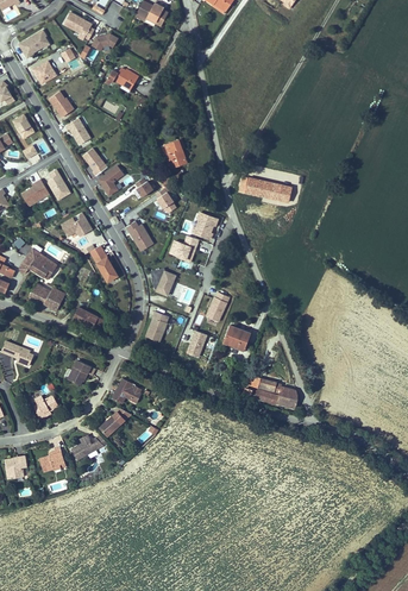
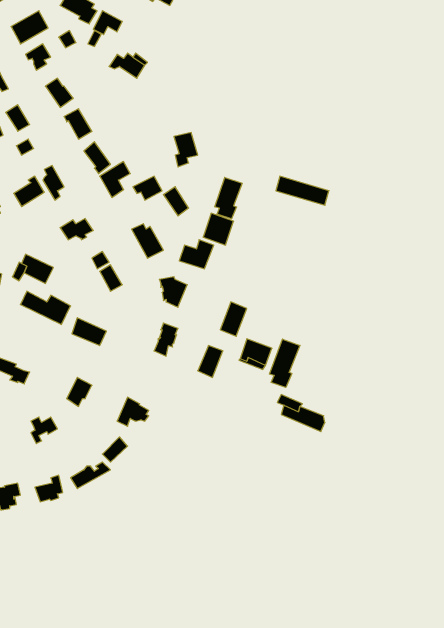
building: none -> [215,177,242,219]
building: none -> [270,339,300,387]

